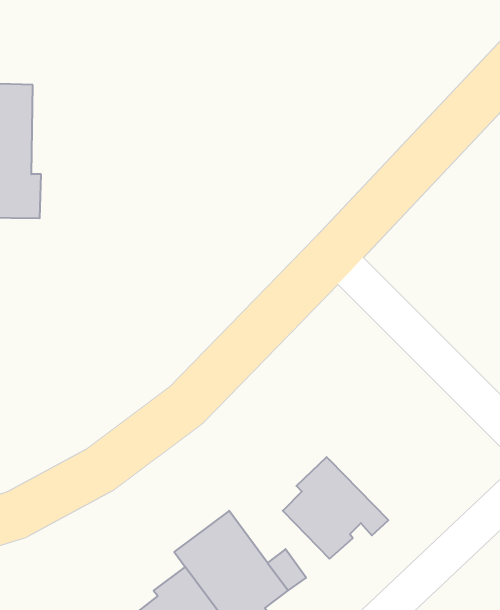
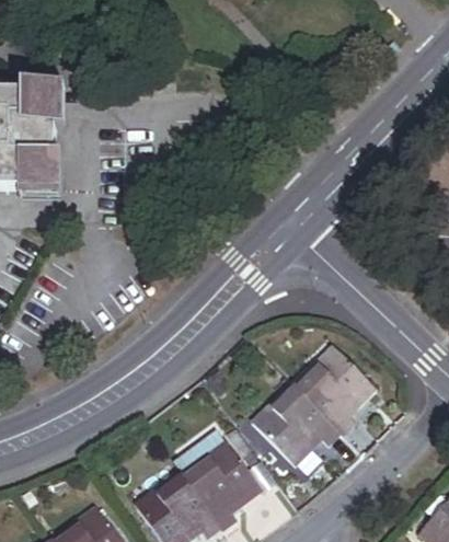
building: none -> [292,353,373,437]

